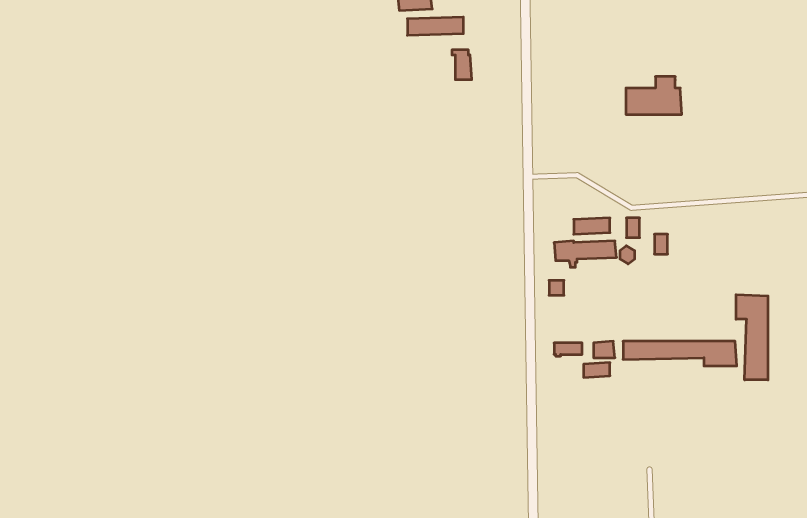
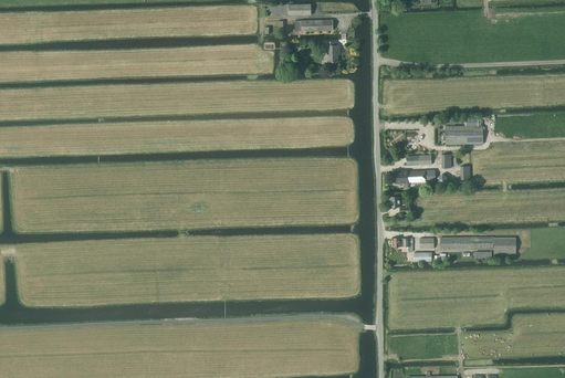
building: [626,77,682,114] -> [446,117,483,143]
building: [736,295,768,380] -> none

